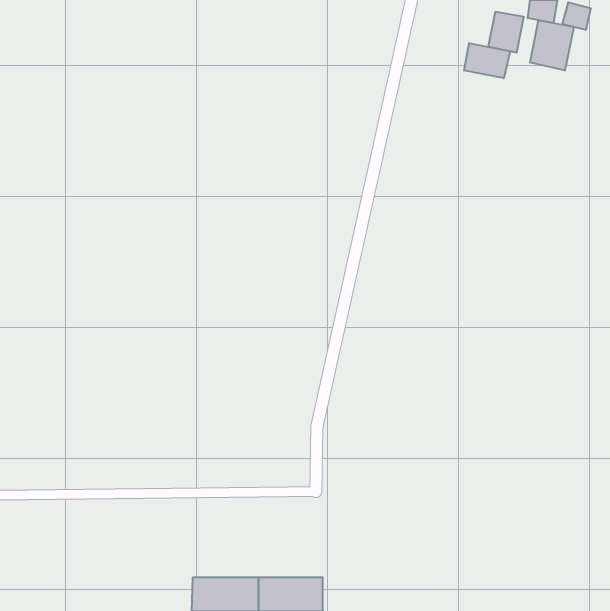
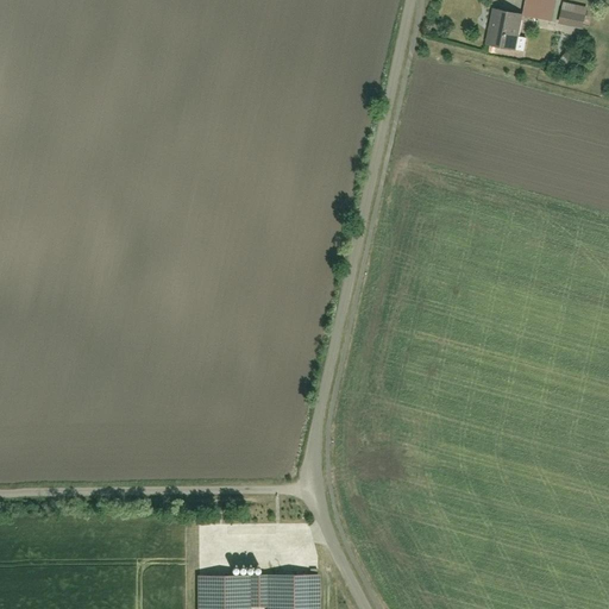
building: [530,20,574,71] -> none
building: [464,43,510,78] -> none

